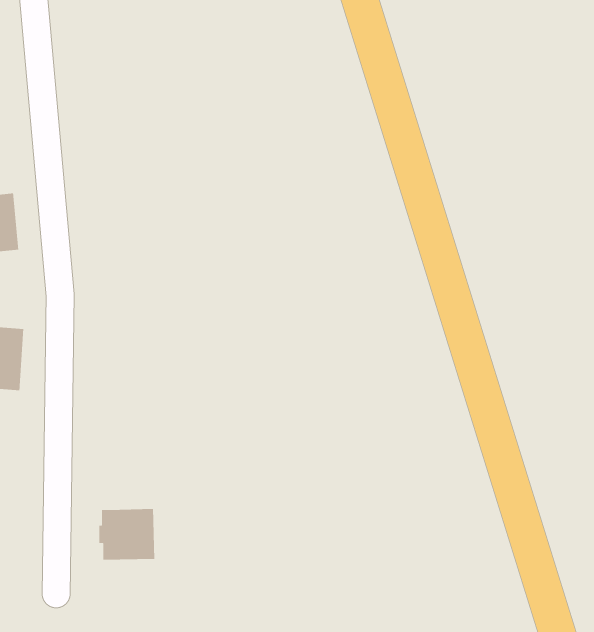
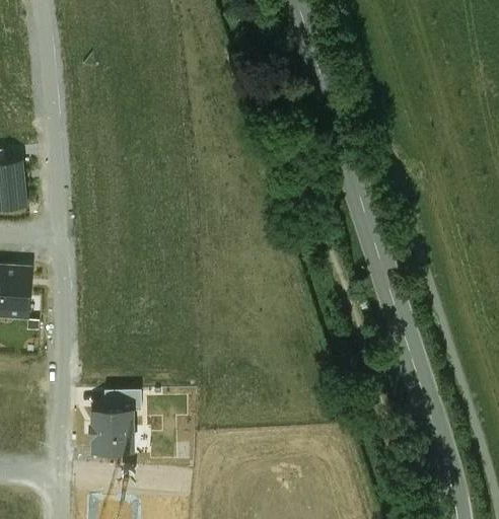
building: none -> [104,391,141,412]

